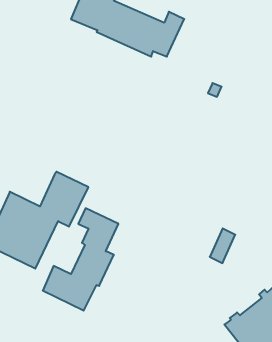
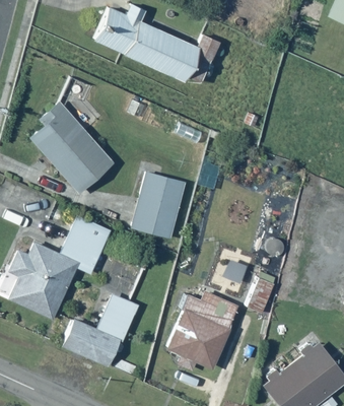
building: none -> [29,100,115,193]
building: none -> [131,173,184,236]
building: none -> [167,285,239,371]

